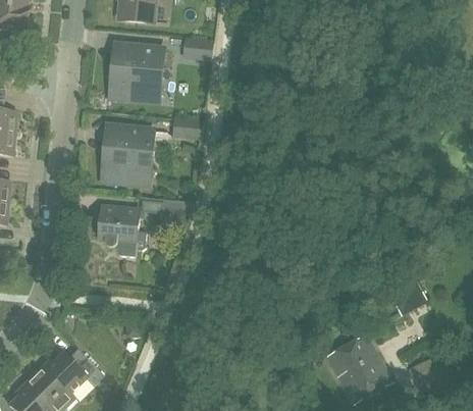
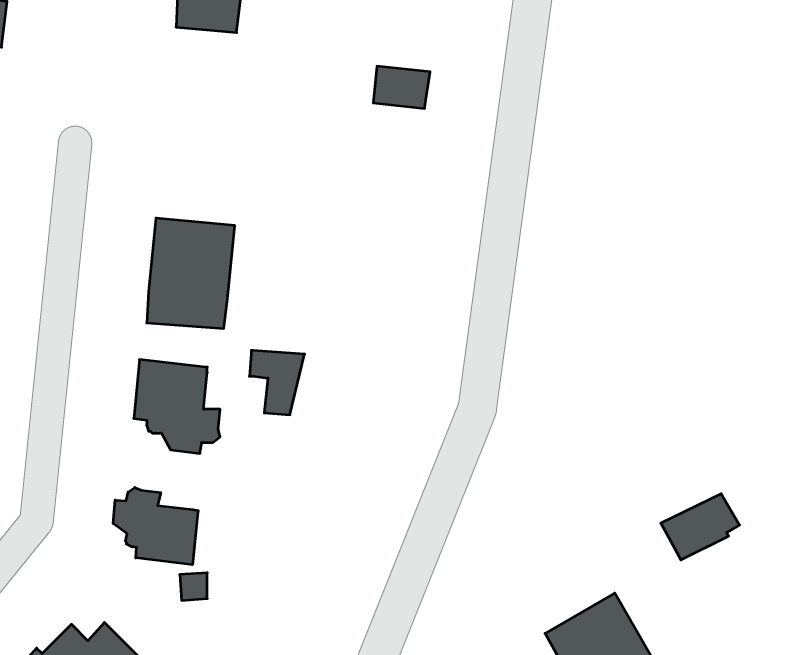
building: [182,36,214,59] -> [373,66,430,108]
building: [110,44,162,103] -> none
building: [171,115,204,140] -> none
building: none -> [113,487,198,565]

